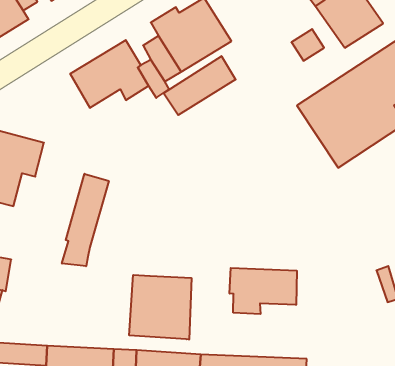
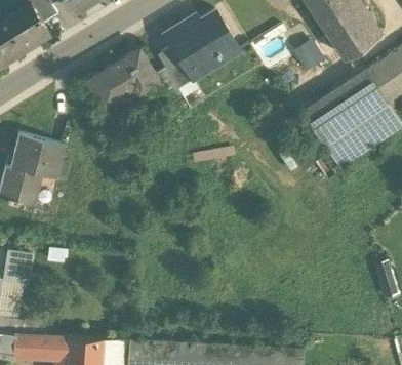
building: [164,56,236,115] -> none
building: [62,174,109,266] -> none
building: [230,268,297,314] -> none
building: [129,275,191,340] -> none

